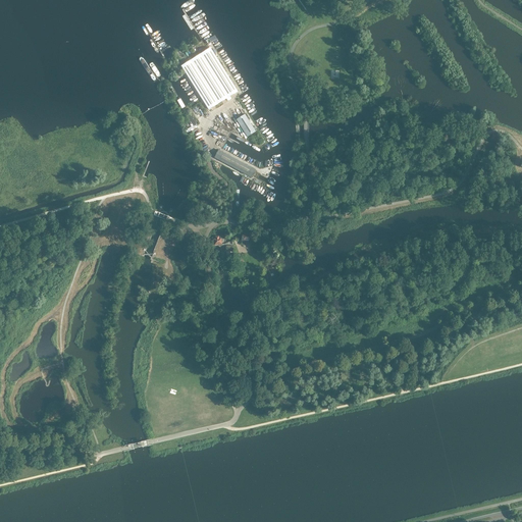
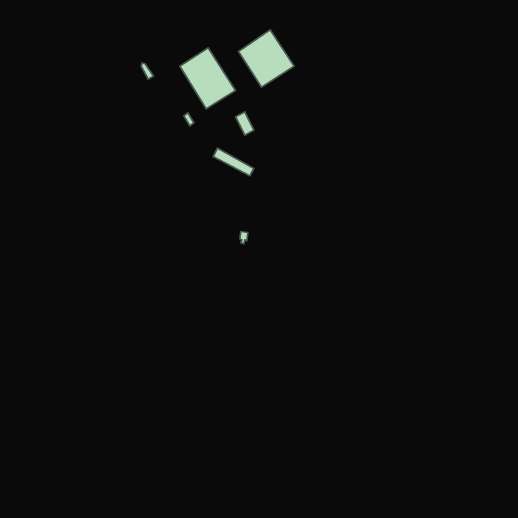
building: none -> [238,30,294,87]

